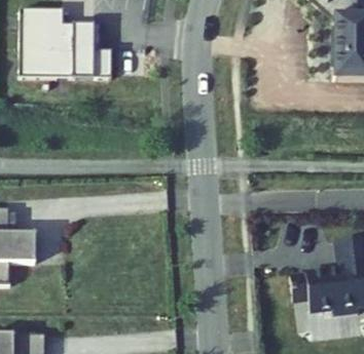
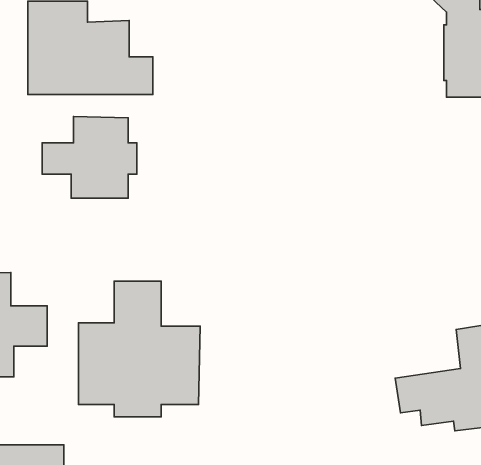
building: none -> [42,117,137,198]
building: none -> [78,281,200,417]

